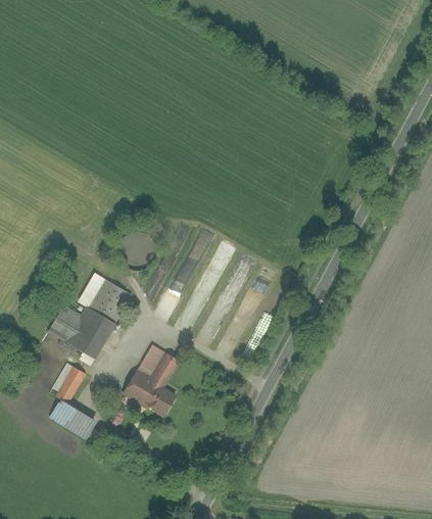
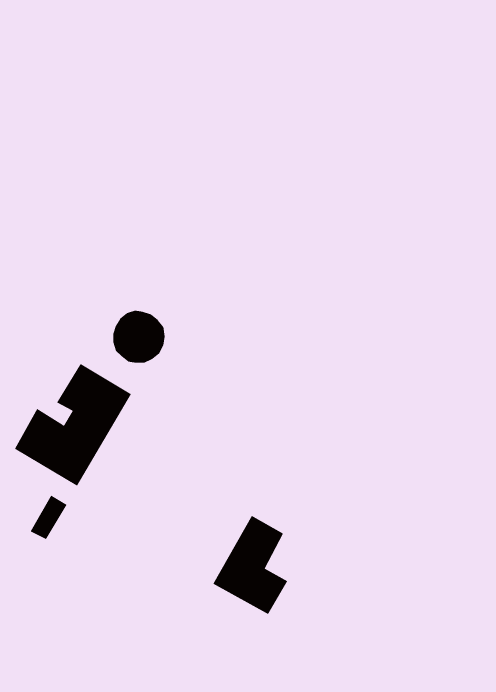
building: [125,345,180,418] -> [212,515,288,615]
building: [51,400,93,434] -> none

